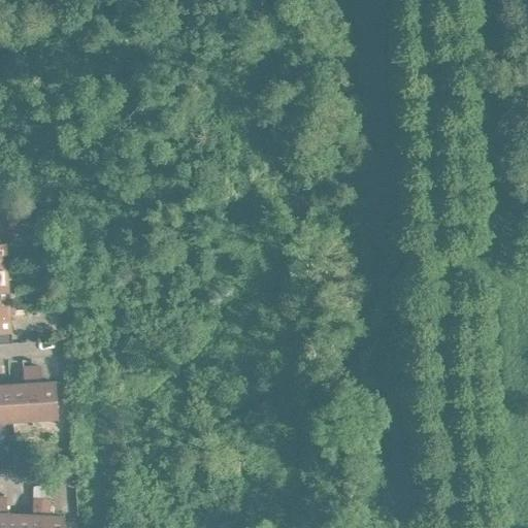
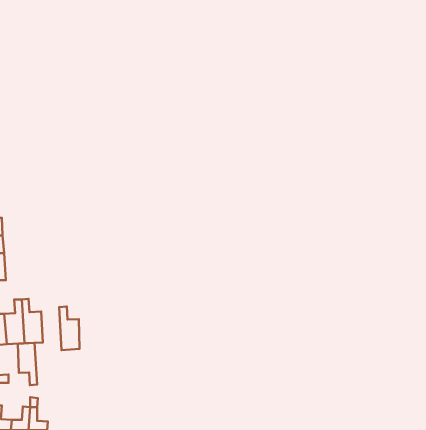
building: none -> [59,306,80,350]
building: none -> [18,343,37,385]

